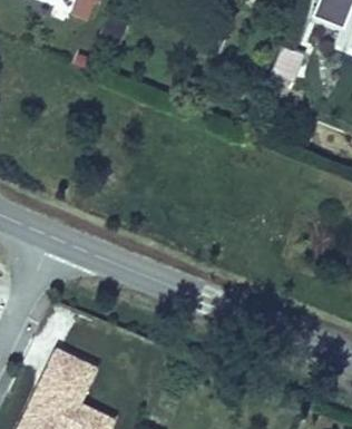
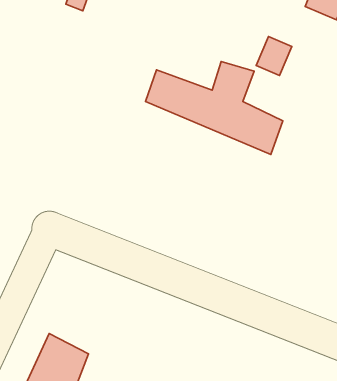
building: none -> [145,62,283,155]

